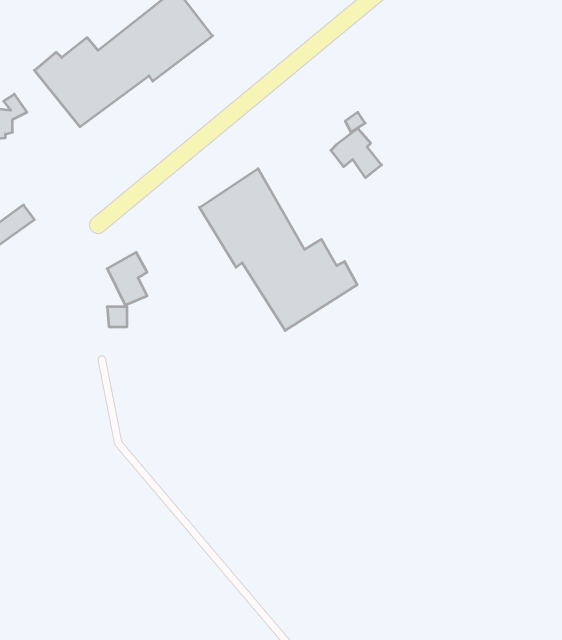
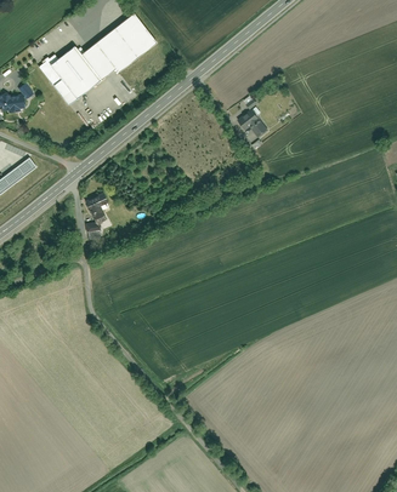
building: [199,169,357,331] -> none

